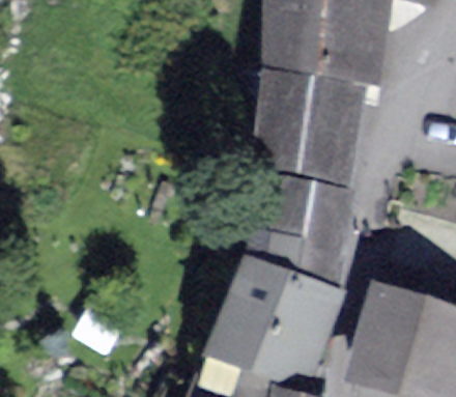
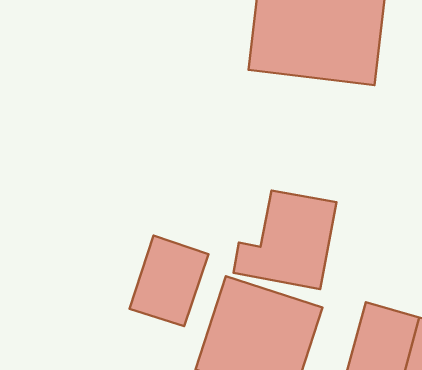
building: [249,70,355,179] -> none
building: none -> [130,236,208,326]

